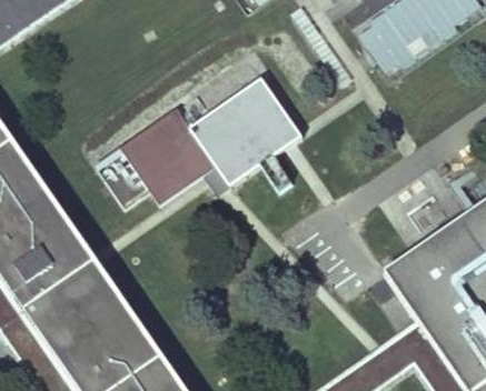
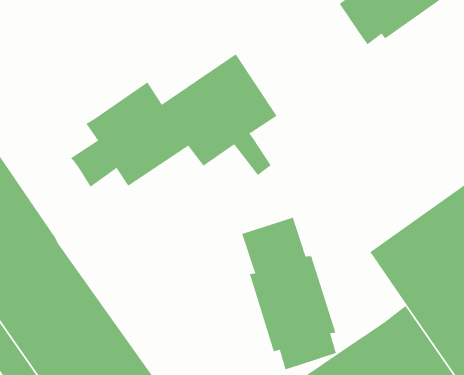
building: none -> [242,217,336,370]

